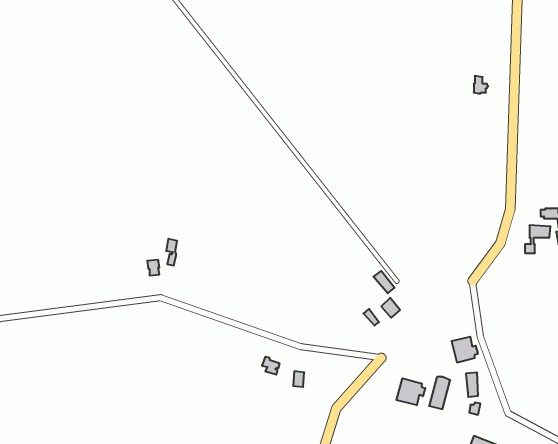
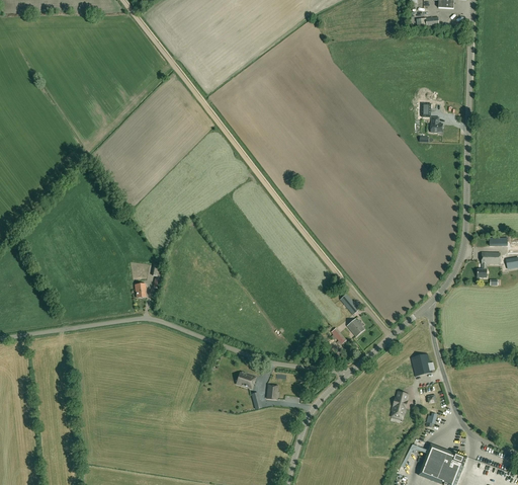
building: [396,378,425,405] -> none

